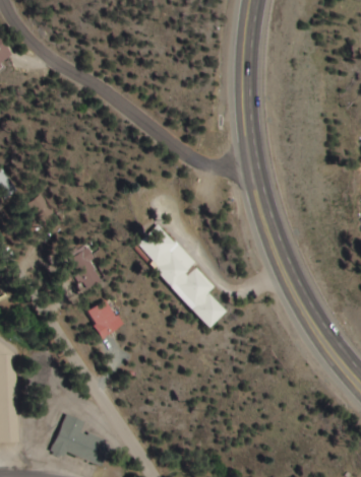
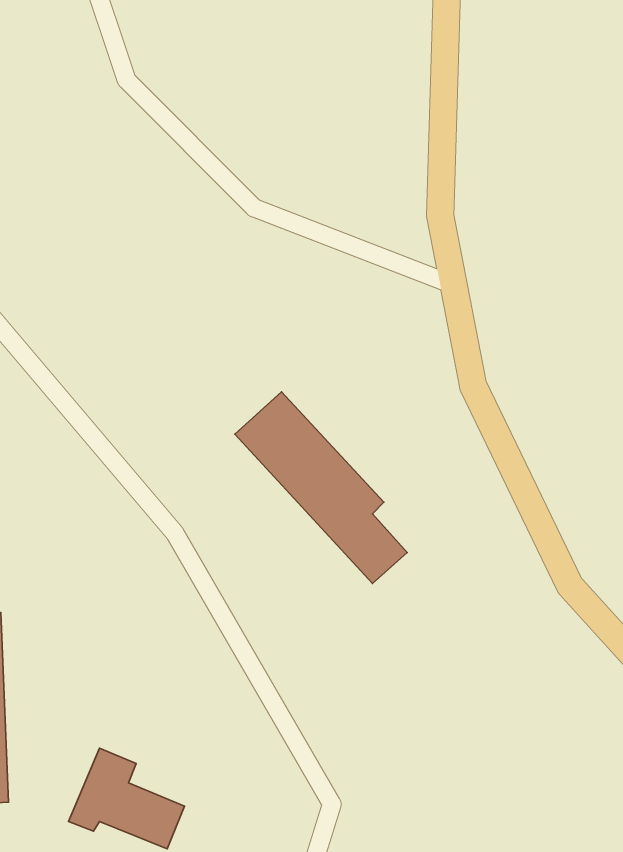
building: [70,251,103,289] -> none
building: [85,298,124,338] -> none

